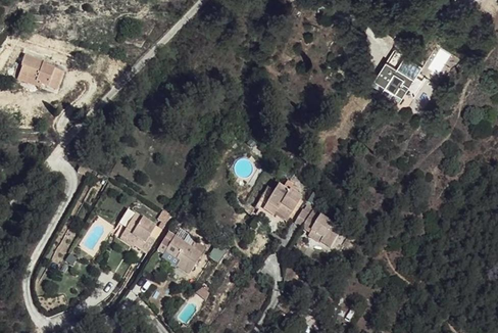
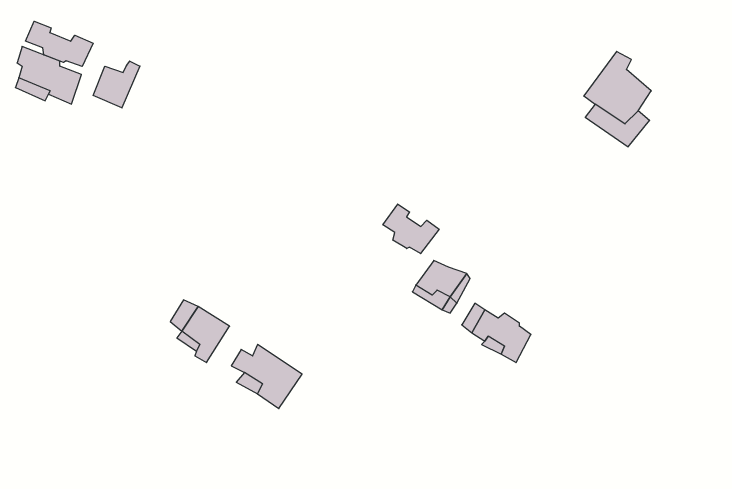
building: none -> [26,21,93,66]
building: none -> [93,61,140,108]
building: none -> [383,204,439,254]

